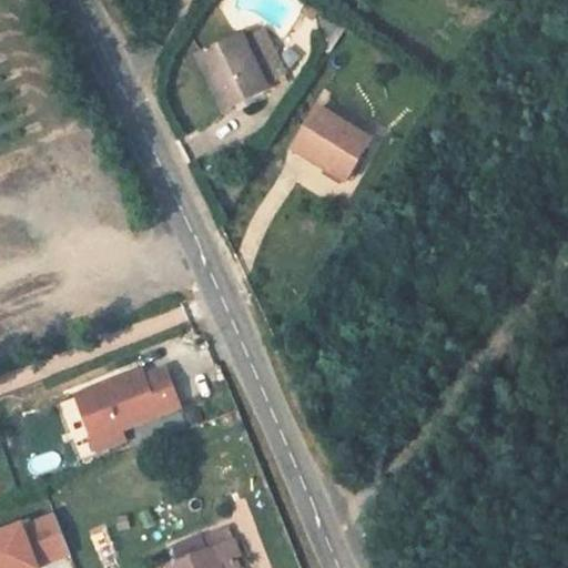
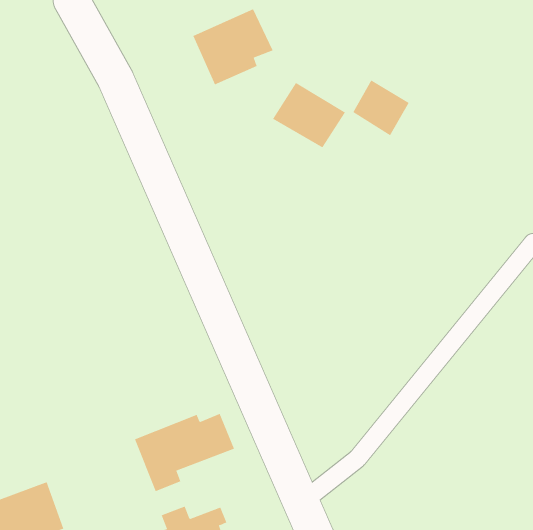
building: none -> [352,79,410,136]
building: [72,375,179,458] -> [134,413,235,492]

